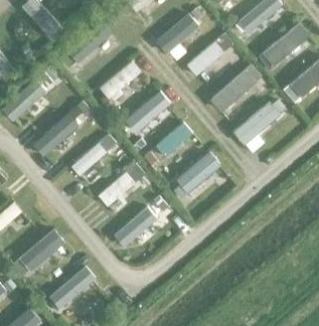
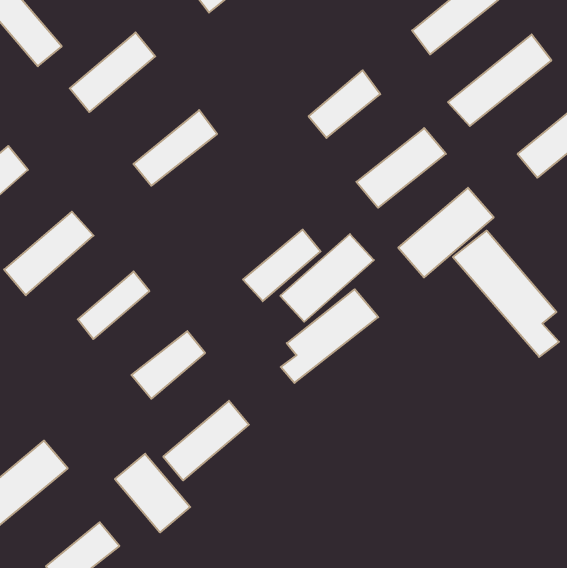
building: [155,14,198,52] -> none
building: [124,91,171,135] -> [280,234,374,322]
building: none -> [453,231,559,357]
building: none -> [115,454,190,532]

